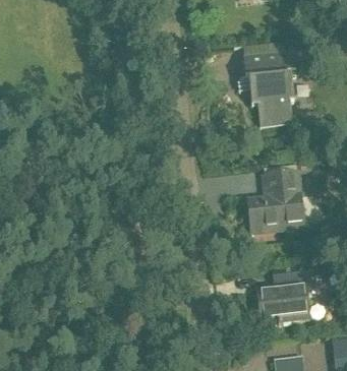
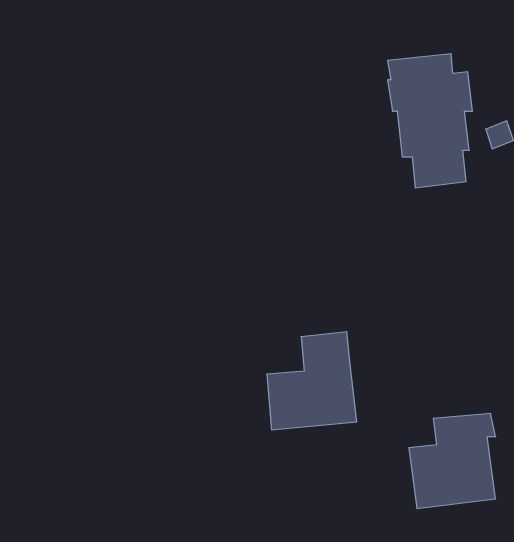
building: [248,172,304,233] -> [267,332,357,430]

